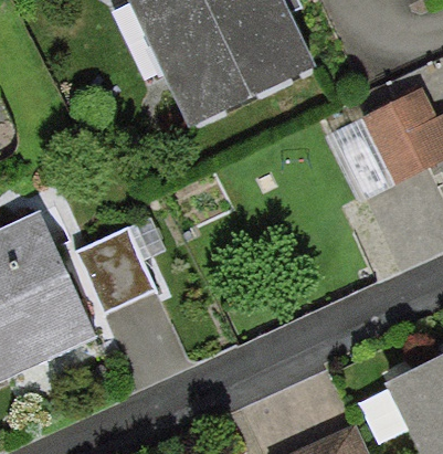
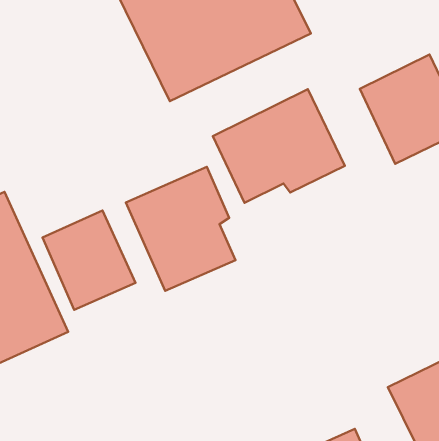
building: none -> [213,89,345,203]
building: none -> [126,167,236,291]

